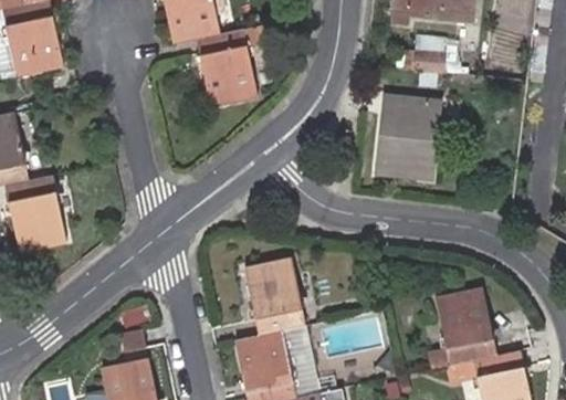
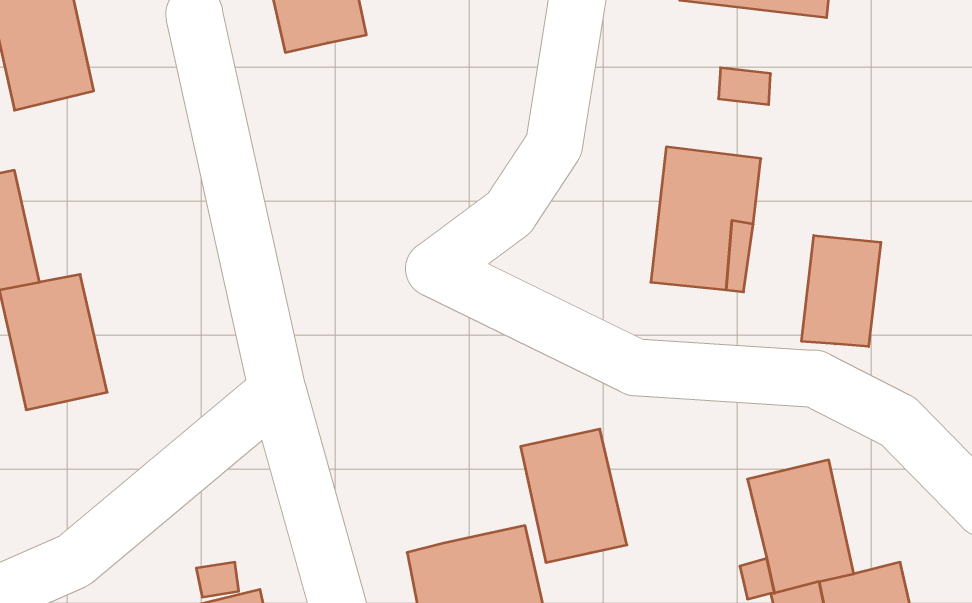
building: [192,29,254,105] -> none
building: none -> [802,235,881,347]
building: [244,249,305,325] -> [521,429,627,562]

